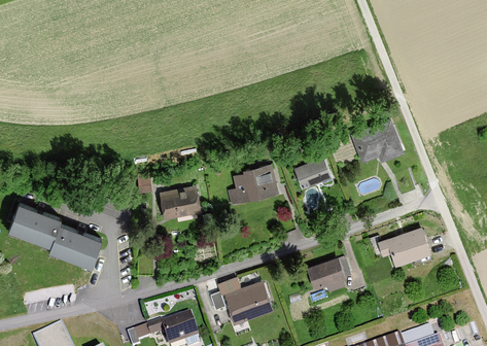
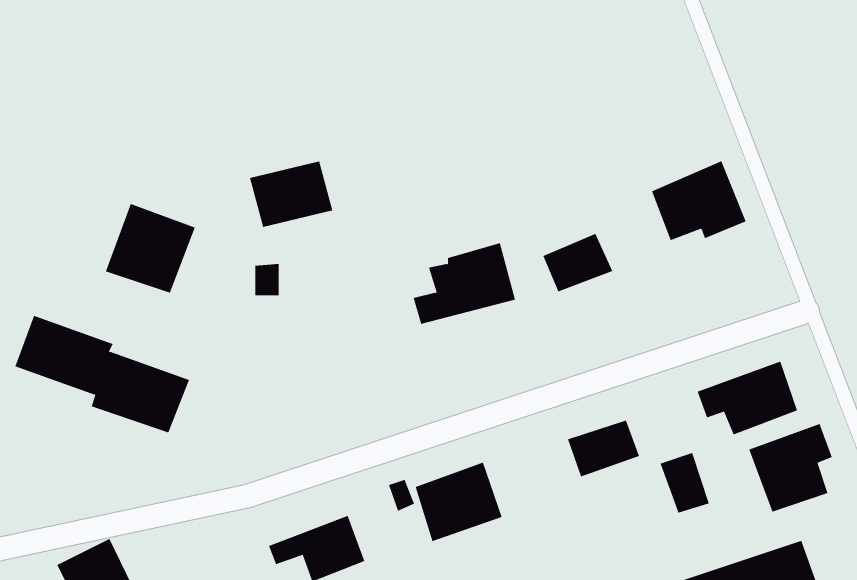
building: none -> [105,203,196,294]
building: [158,185,203,221] -> [249,161,333,228]
building: none -> [748,423,833,512]
building: none -> [660,452,709,514]

